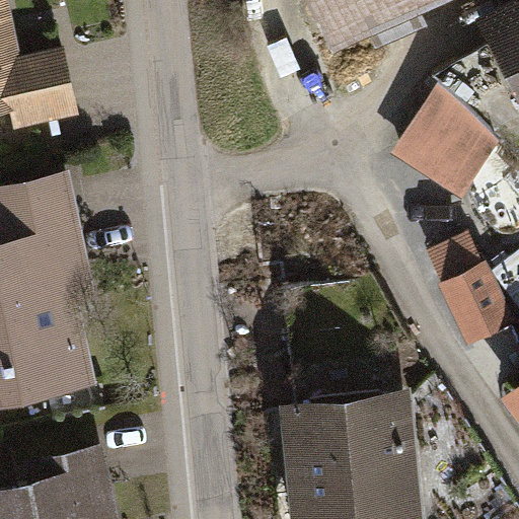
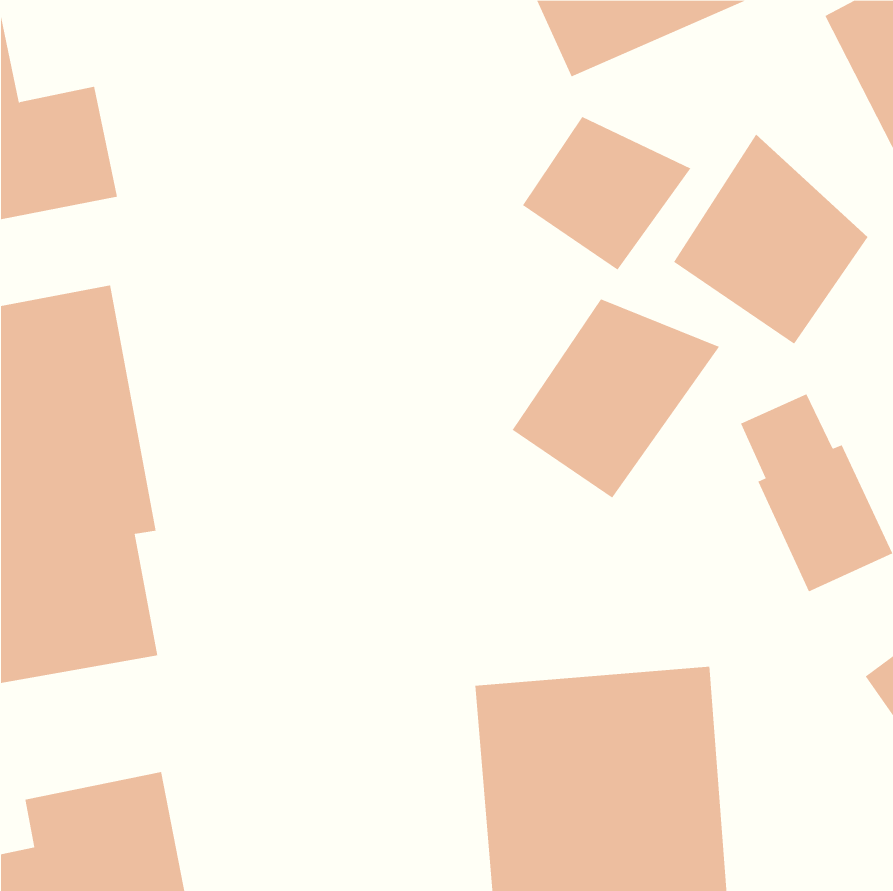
building: none -> [522,116,691,270]
building: none -> [512,299,720,499]

